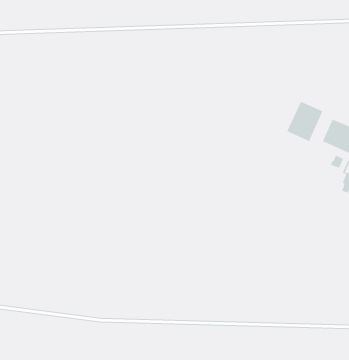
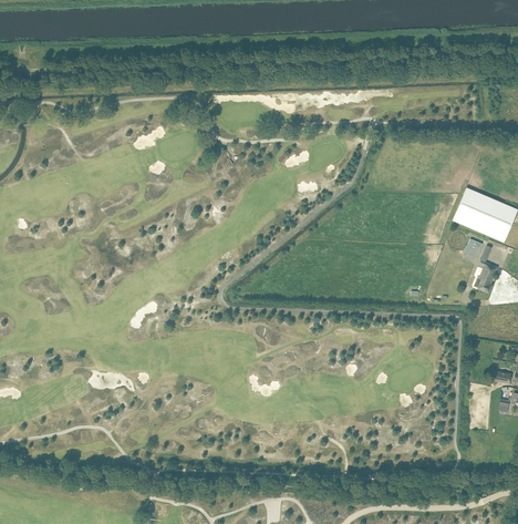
building: [286,101,324,142] -> none

